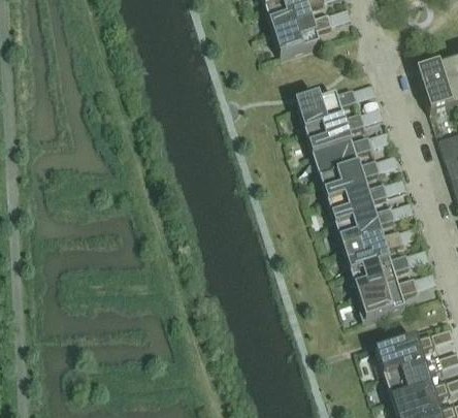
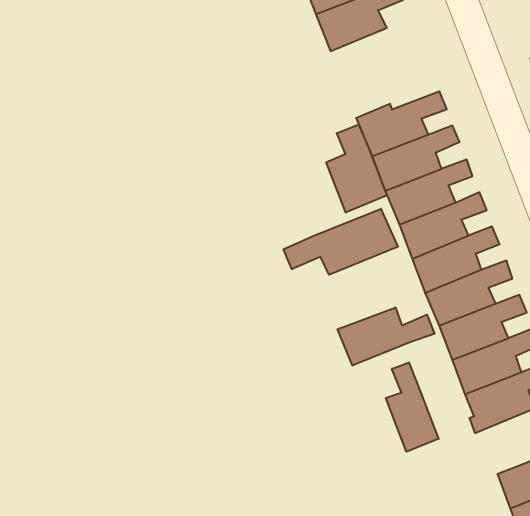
building: none -> [326,124,387,213]
building: none -> [284,209,398,275]
building: none -> [337,307,434,366]
building: none -> [386,362,439,452]

